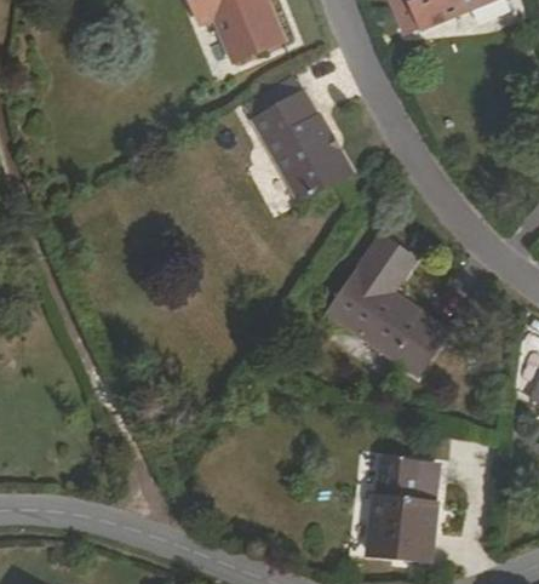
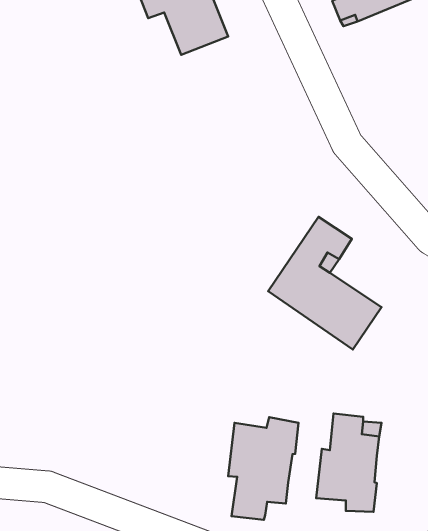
building: [252,93,349,202] -> none
building: none -> [228,417,299,520]

